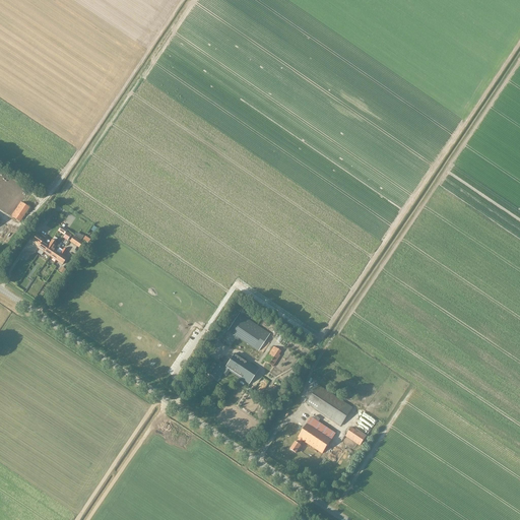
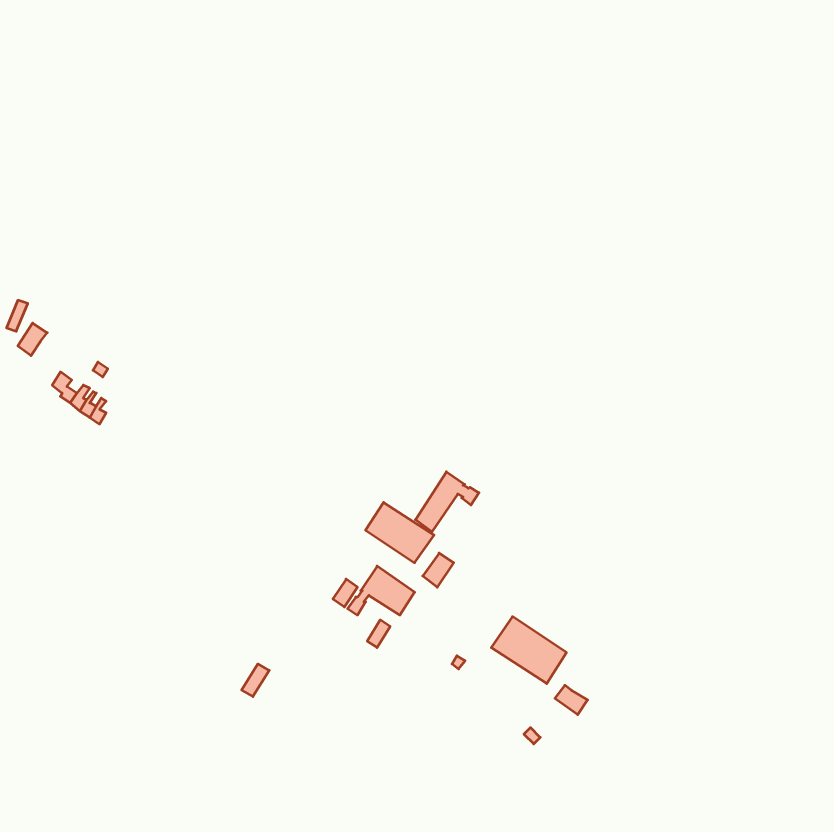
building: none -> [415,472,479,532]
building: [290,416,335,453] -> none

